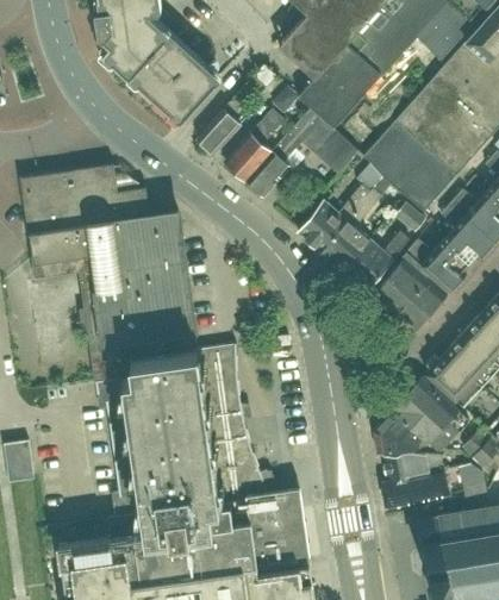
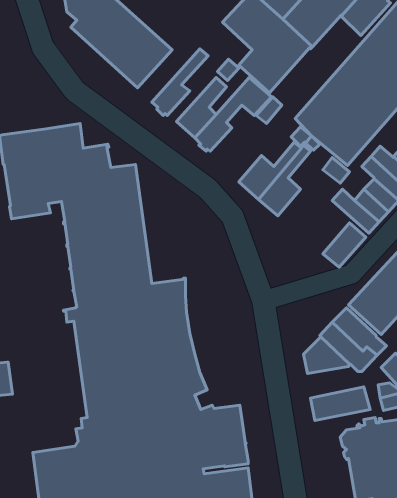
building: [343,231,410,289] -> none
building: [373,260,426,314] -> none
building: [381,452,443,481] -> none

